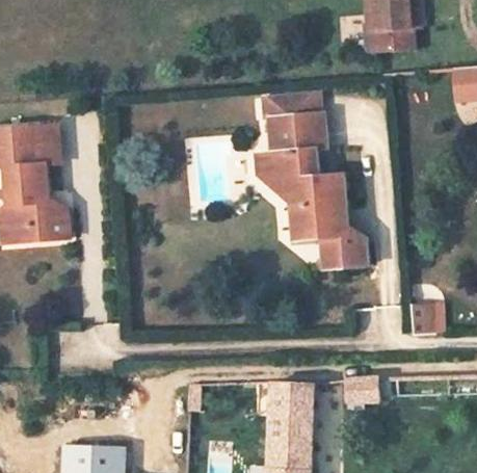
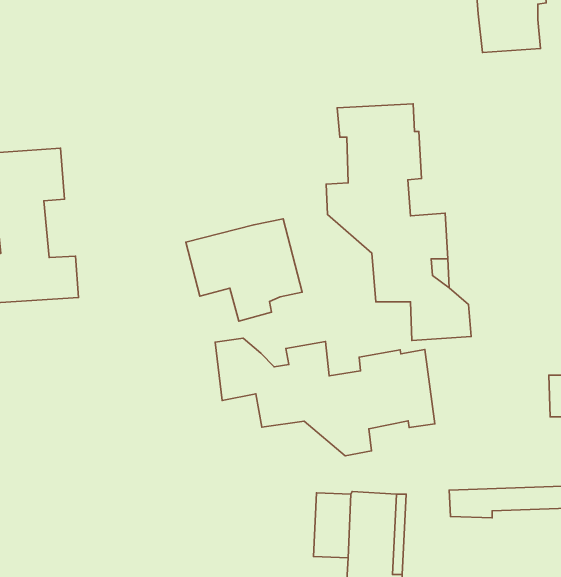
building: none -> [186,219,302,321]
building: none -> [215,338,435,456]

